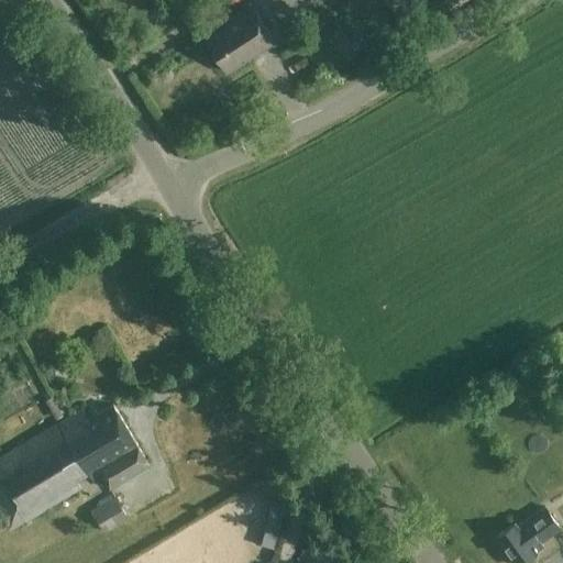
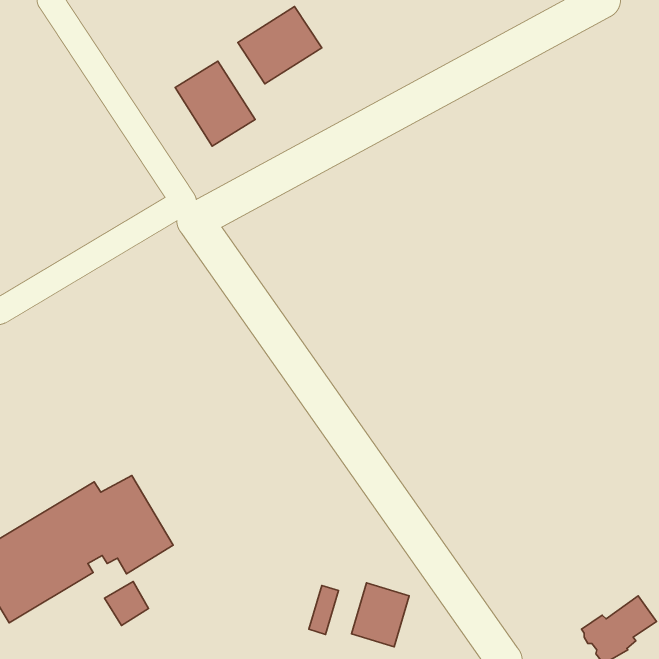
building: none -> [175,61,255,146]
building: none -> [351,583,409,647]

